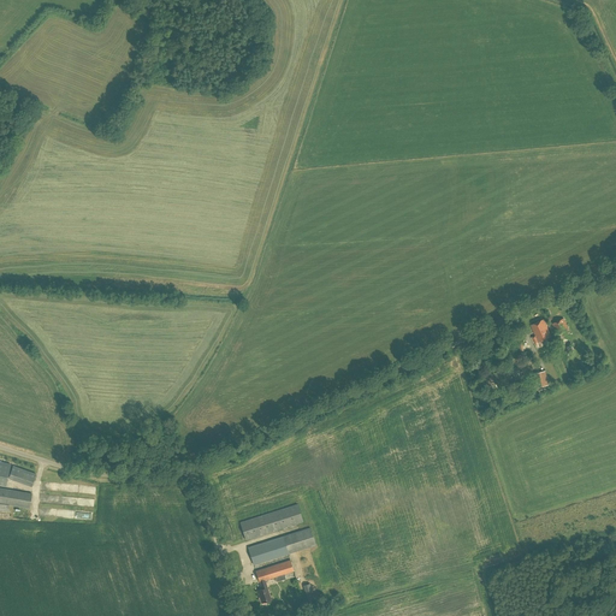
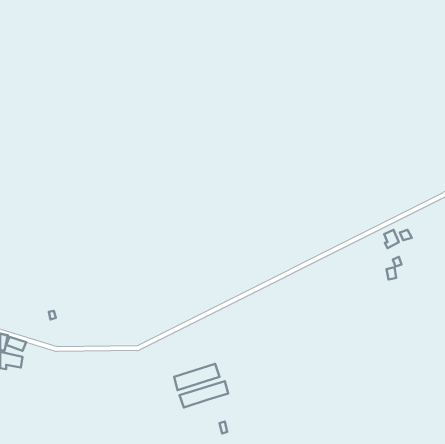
building: [256,559,294,602] -> none

